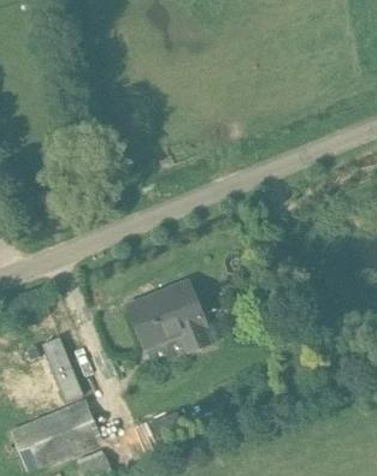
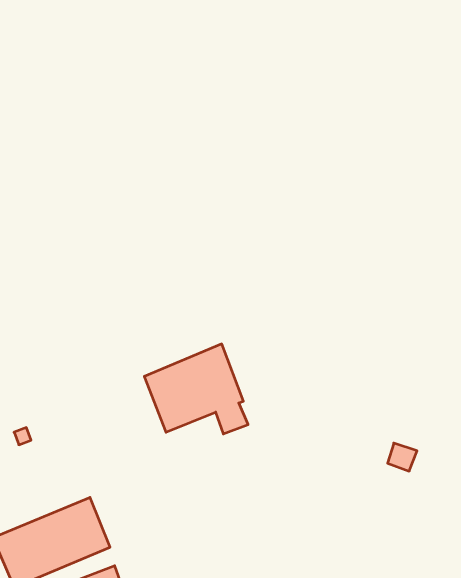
building: [42,337,83,403] -> none

